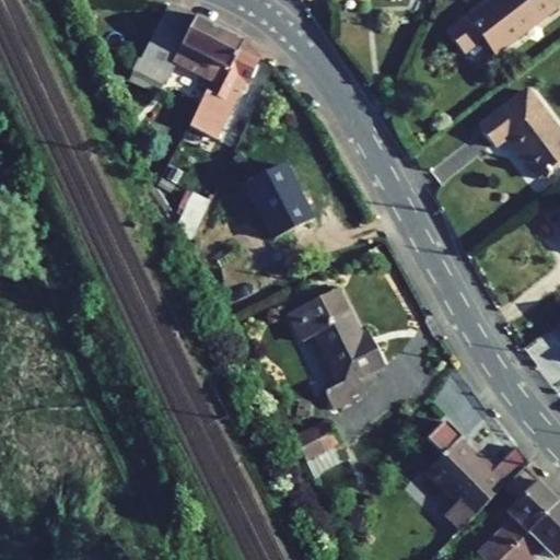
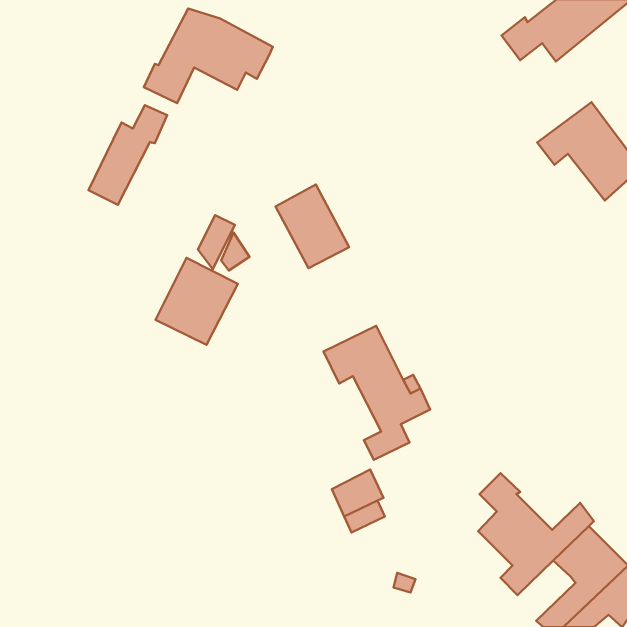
building: [190,49,260,138] -> [88,105,167,205]
building: none -> [156,258,238,345]

